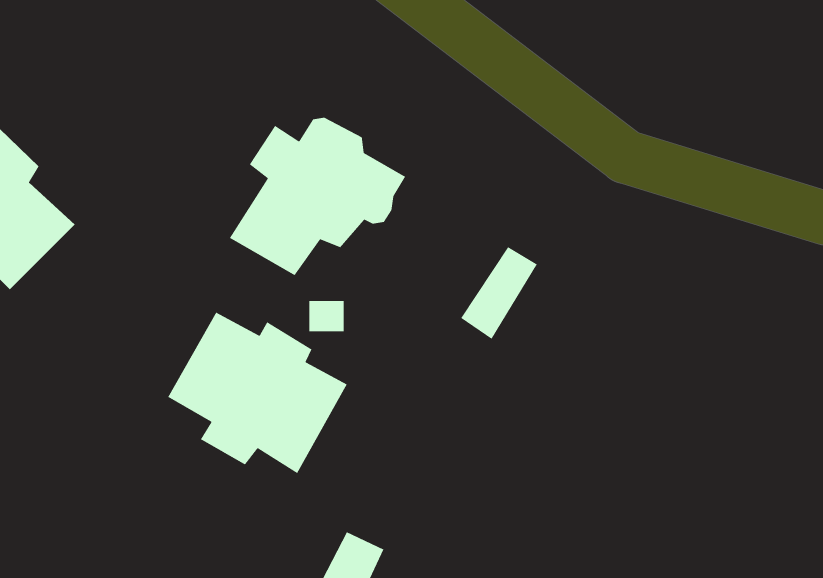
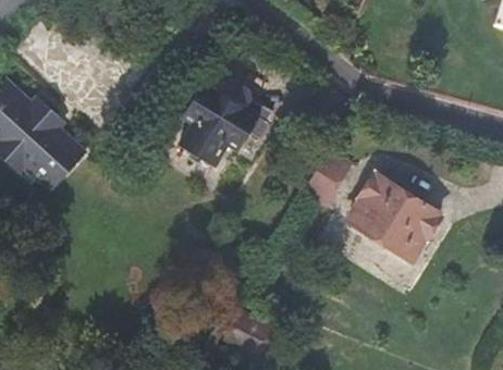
building: none -> [345,178,435,261]
building: [167,312,348,474] -> none

